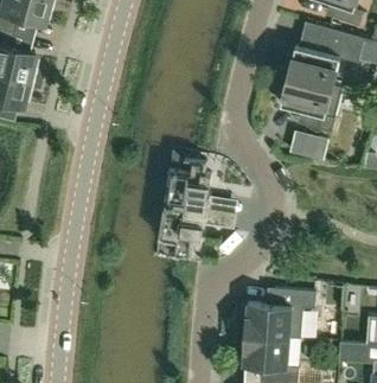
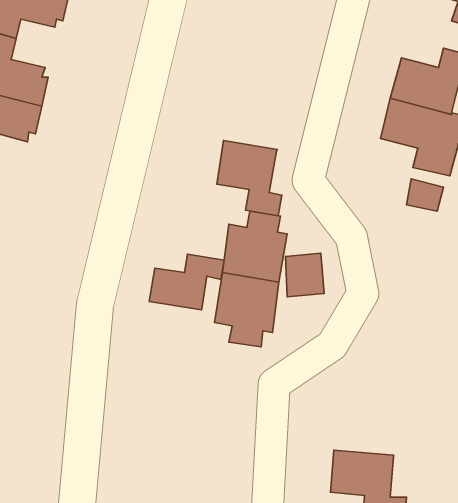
building: none -> [217,141,282,216]
building: none -> [149,254,224,310]
building: [245,288,315,339] -> none

